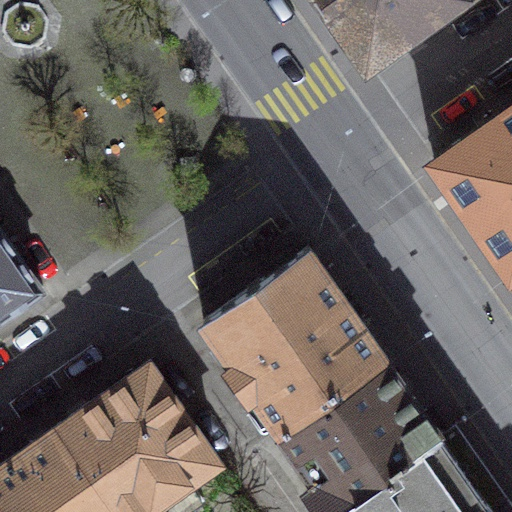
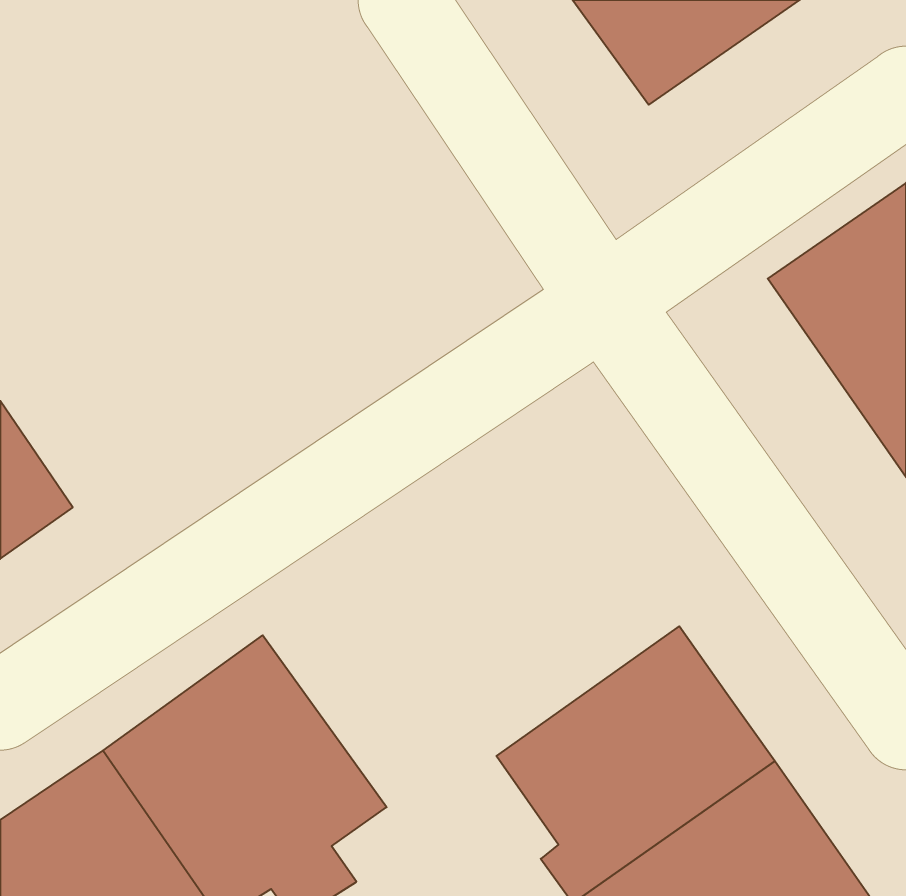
building: [204,251,383,432] -> none

